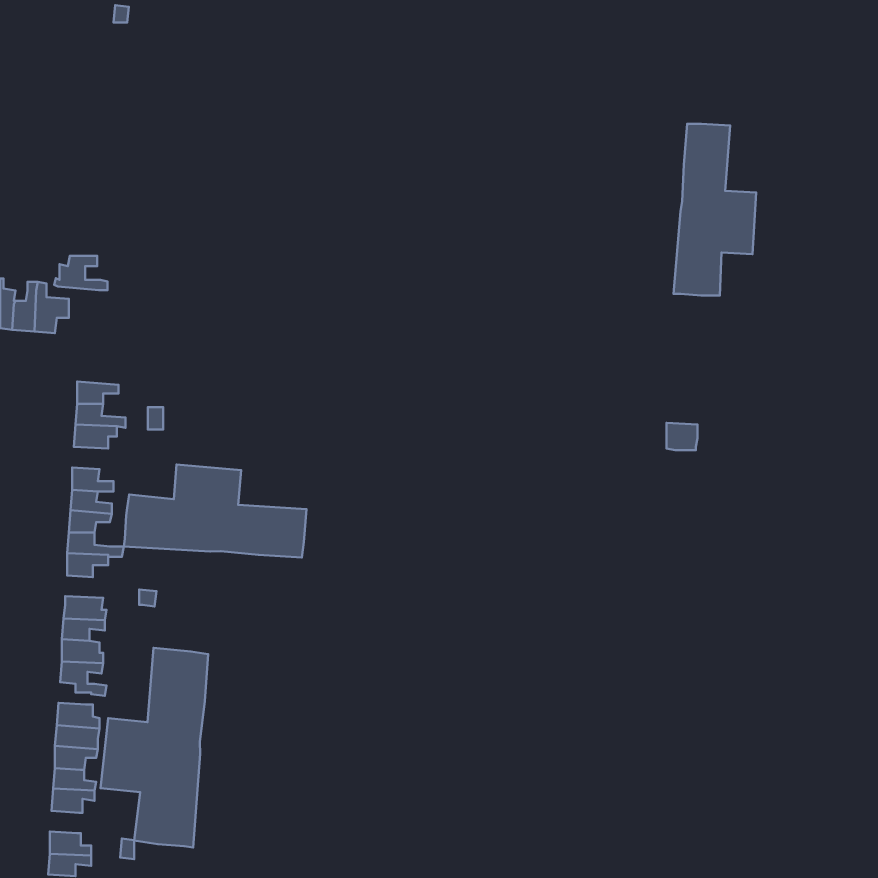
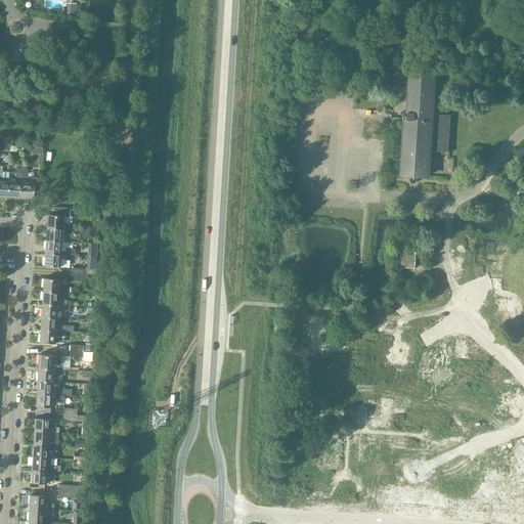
building: [54,256,108,290] -> [44,209,76,229]
building: [124,464,306,557] -> none
building: [101,648,208,848] -> none

